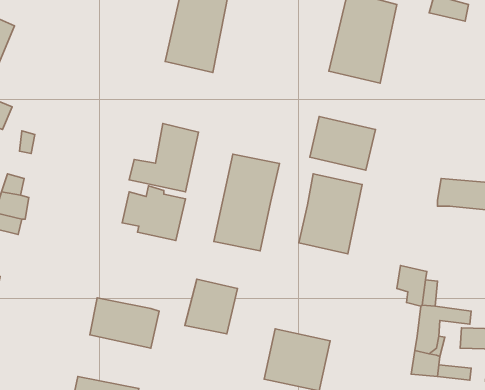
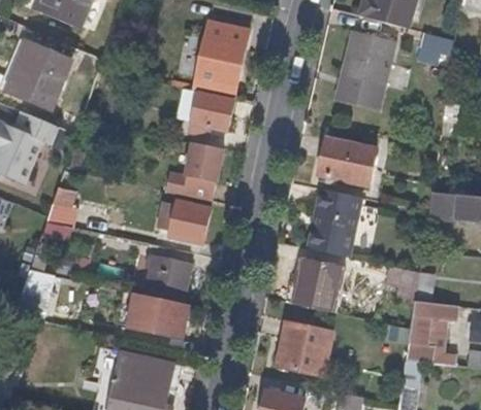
building: none -> [190,91,234,136]
building: [214,154,279,251] -> none
building: none -> [294,259,344,310]
building: [185,279,238,334] -> [145,255,190,303]

